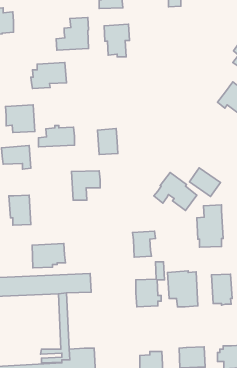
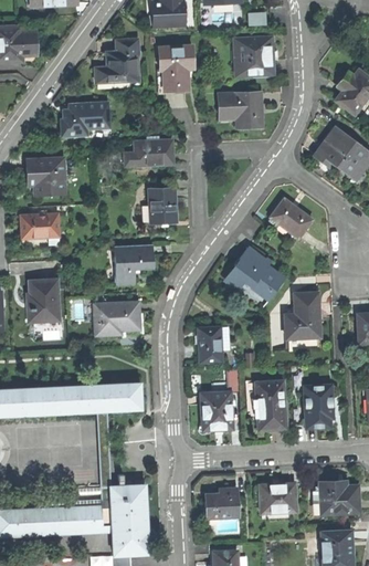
building: none -> [232,35,273,75]
building: none -> [219,91,260,125]
building: [38,126,74,147] -> [125,137,173,166]
building: [189,168,220,196] -> [272,200,314,239]
building: [32,243,65,268] -> [95,302,140,335]

